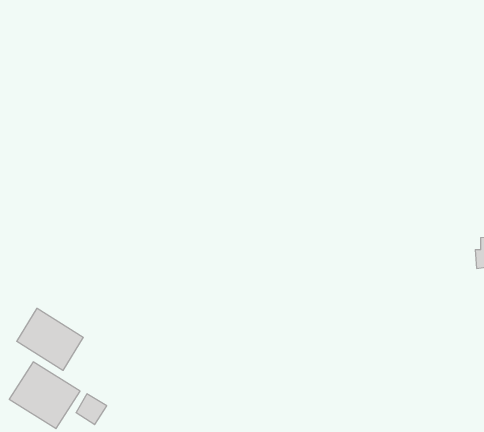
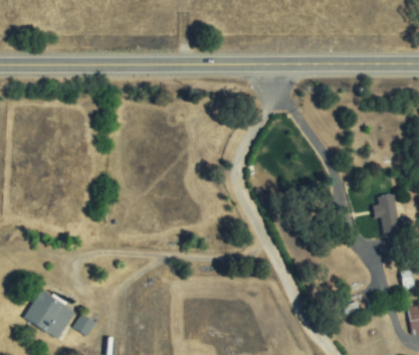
building: [17,308,83,370] -> none

